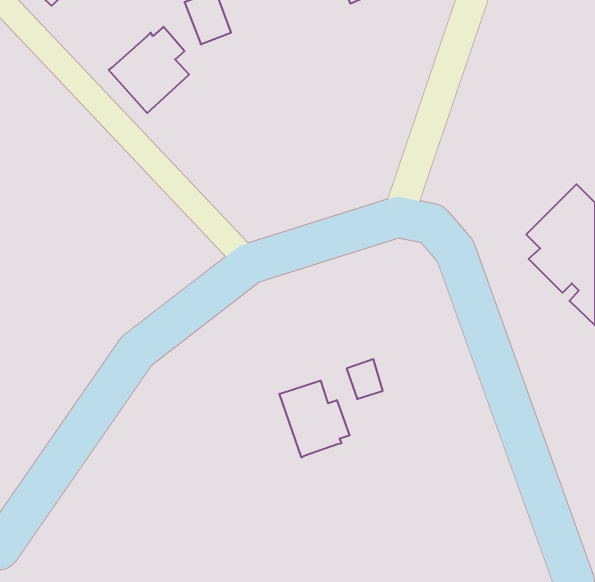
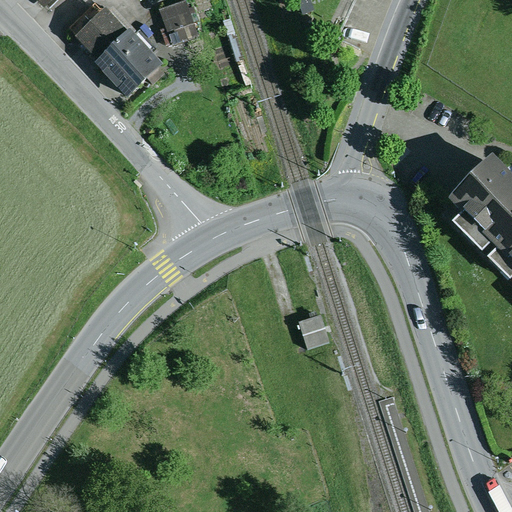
building: none -> [75,6,126,57]
building: [279,381,350,457] -> none

